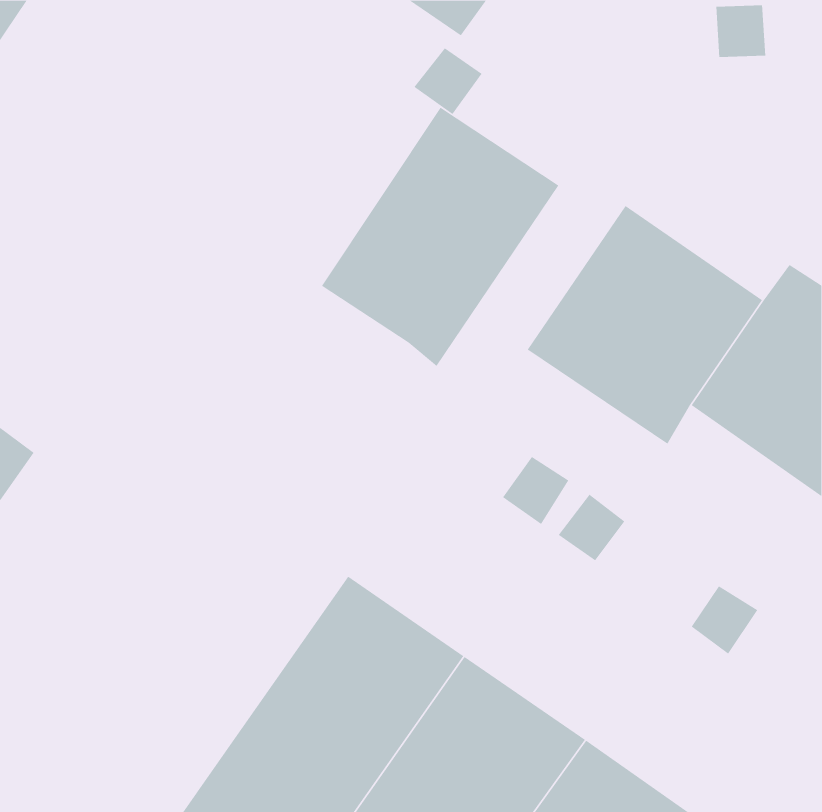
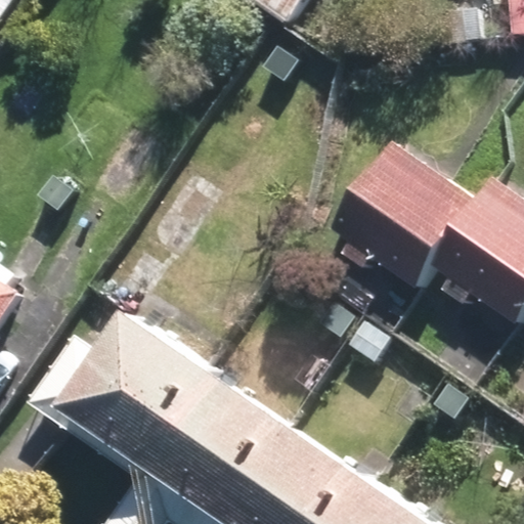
building: [321,107,559,367] -> none
building: none -> [32,320,217,485]

